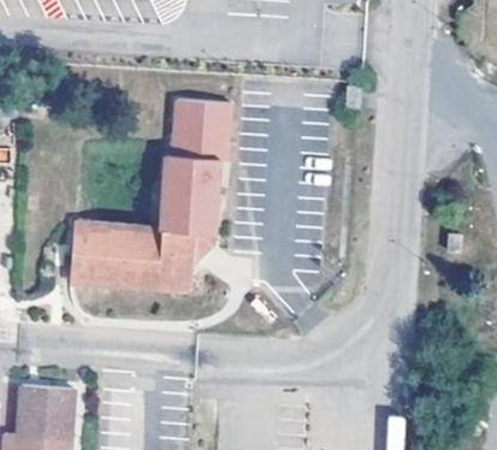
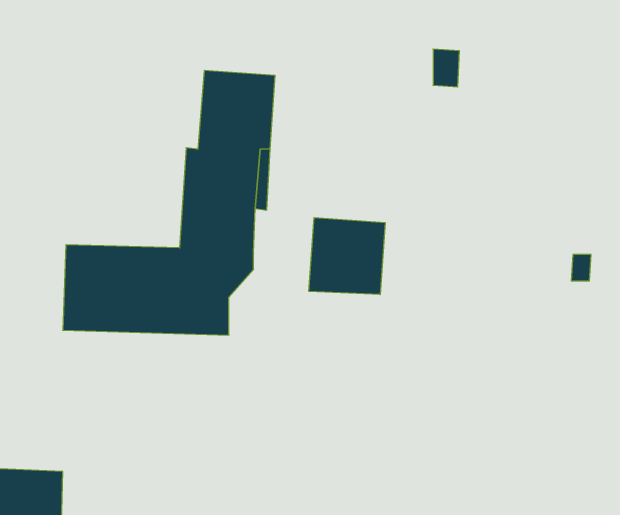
building: none -> [309,218,385,295]

